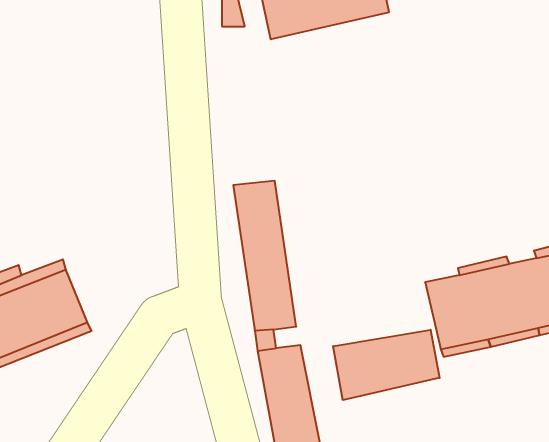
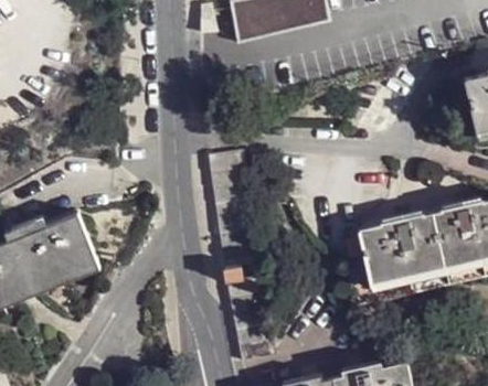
building: [333,330,440,400] -> none

